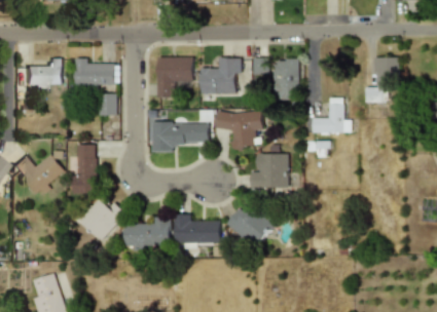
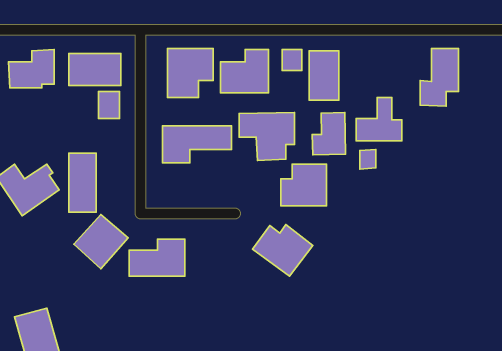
building: none -> [312,113,346,155]
building: [174,215,220,246] -> none

